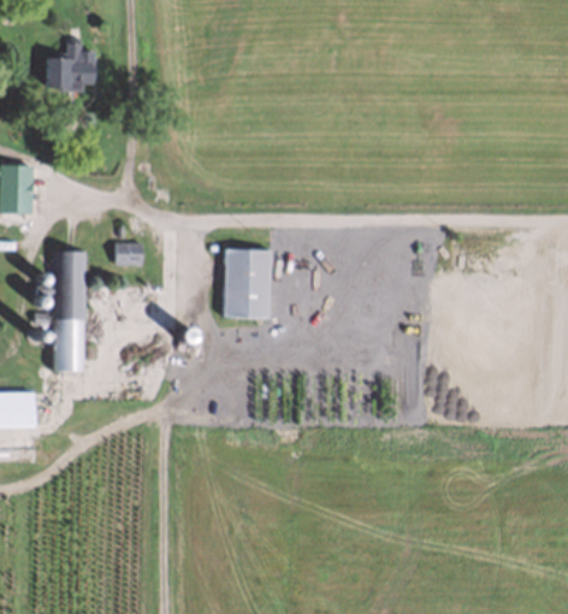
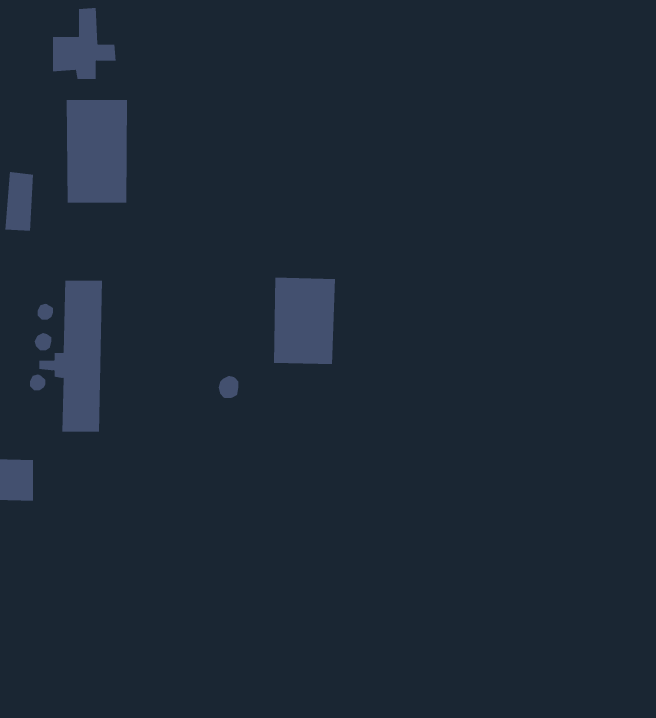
building: none -> [66,99,128,204]
building: [116,243,143,265] -> none

